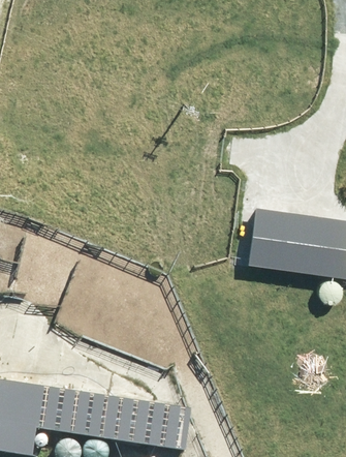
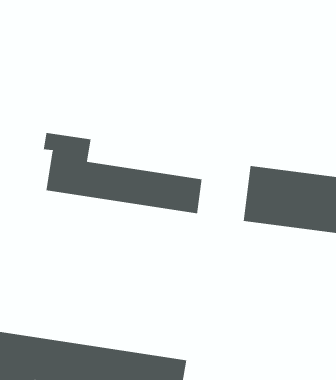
building: none -> [43,132,202,214]

